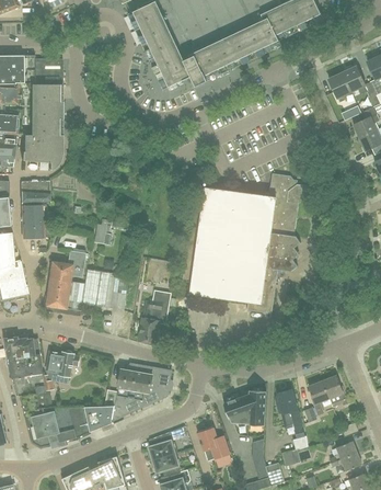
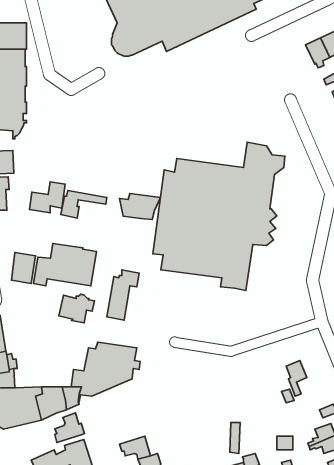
building: none -> [120,193,160,219]
building: [50,251,84,281] -> [30,182,65,213]
building: [45,349,79,376] -> [59,294,95,323]
building: [322,374,348,404] -> none
building: [275,388,305,448] -> none
building: [223,389,266,424] -> none
building: [198,428,229,457] -> none
building: [148,432,176,460] -> [55,413,85,443]

